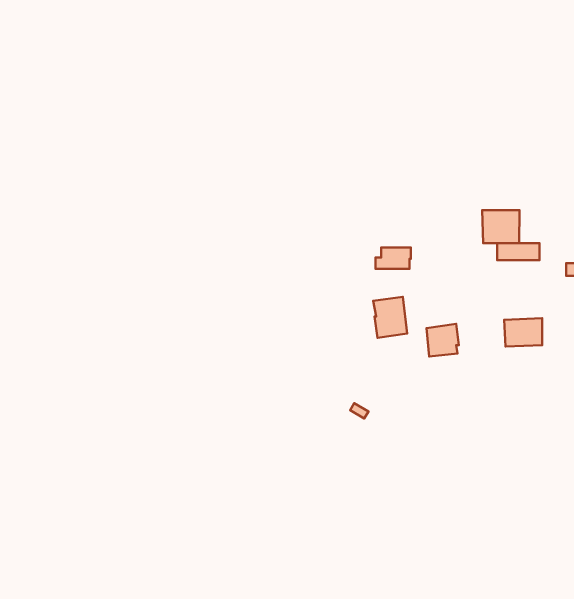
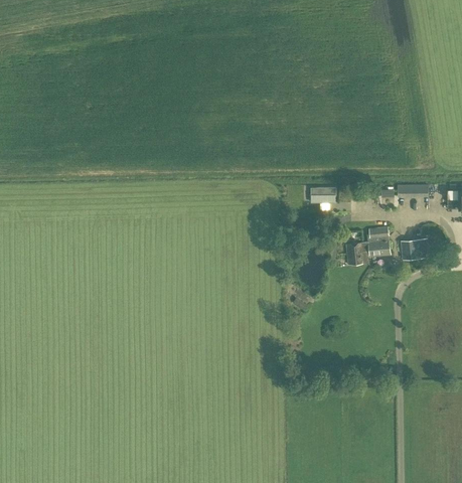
building: [482,210,520,243] -> none
building: [373,297,407,338] -> [366,226,391,256]

